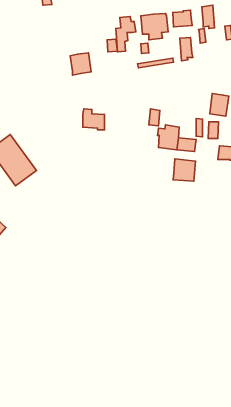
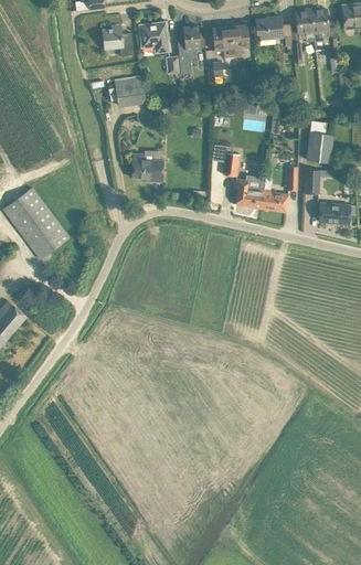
building: none -> [139,22,169,52]
building: none -> [102,28,134,56]
building: [180,37,193,61] -> [311,9,329,41]
building: [173,159,196,181] -> none

